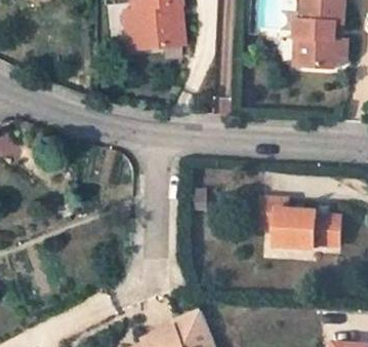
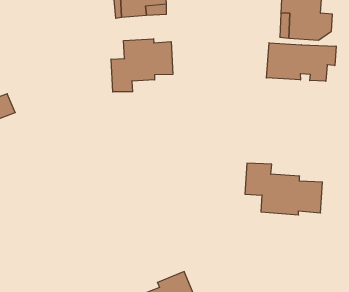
building: none -> [111,39,173,92]
building: none -> [266,43,336,81]

